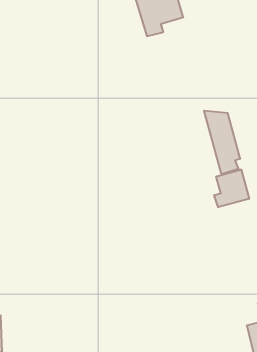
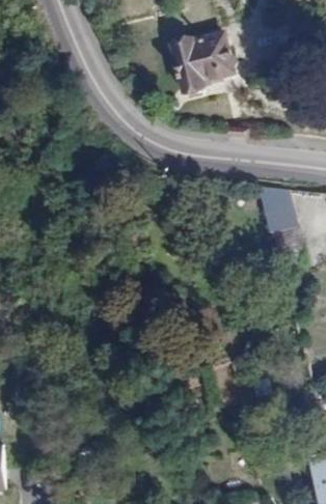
building: [214,169,249,207] -> none

